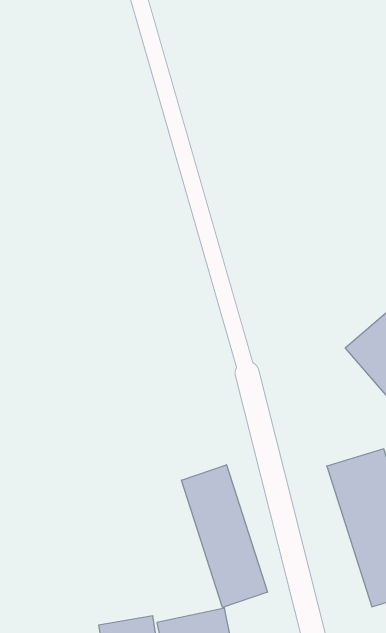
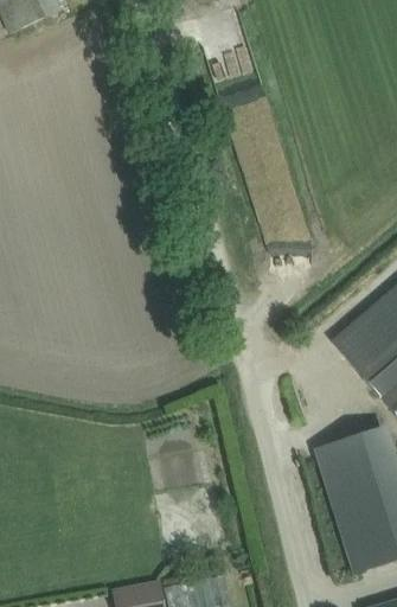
building: [182,465,267,608] -> none

